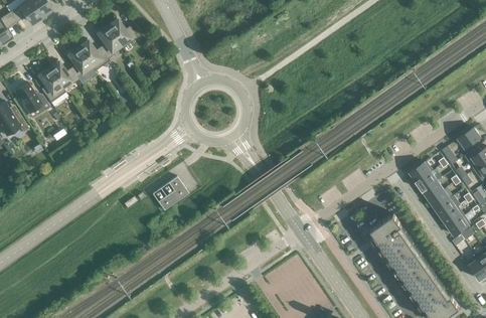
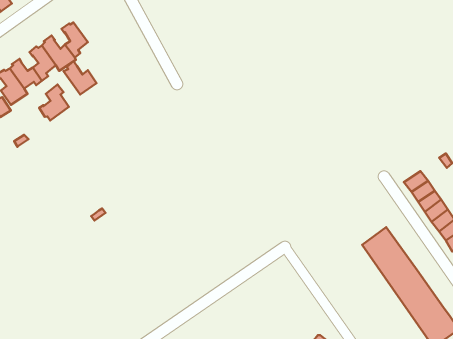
building: [107,18,137,48] -> [64,61,97,94]
building: none -> [39,84,69,120]
building: [151,177,188,211] -> none

